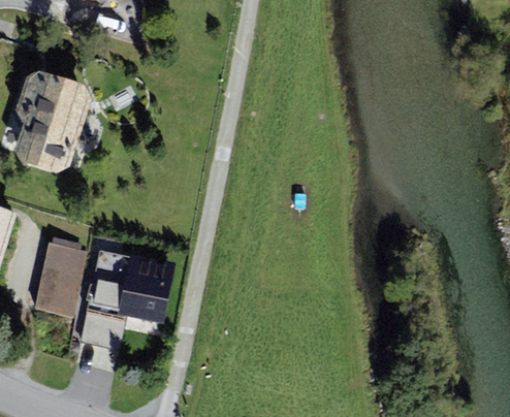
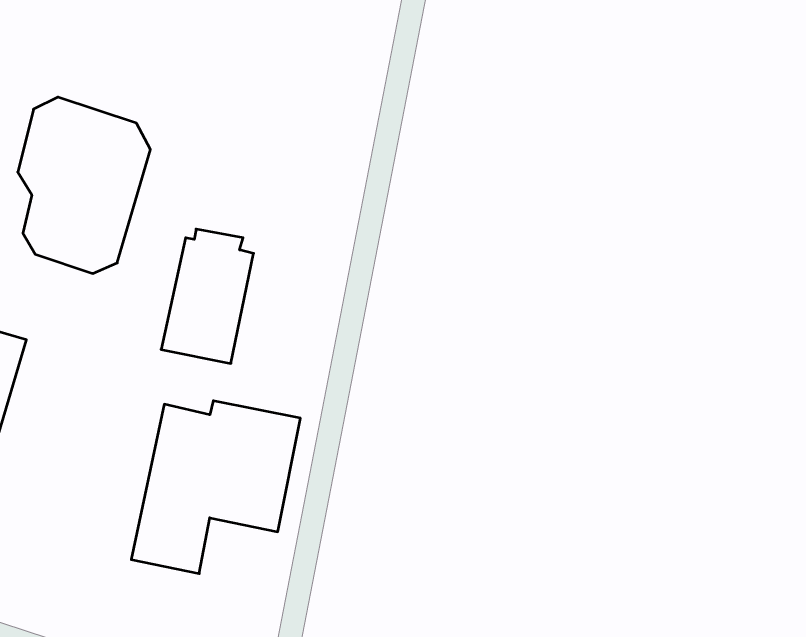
building: [32,237,87,317] -> [161,229,254,363]

